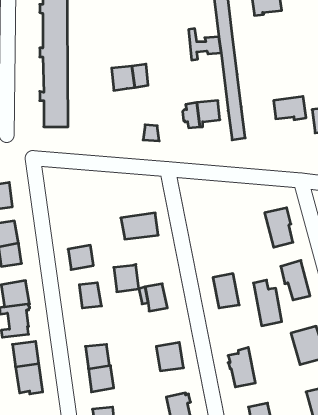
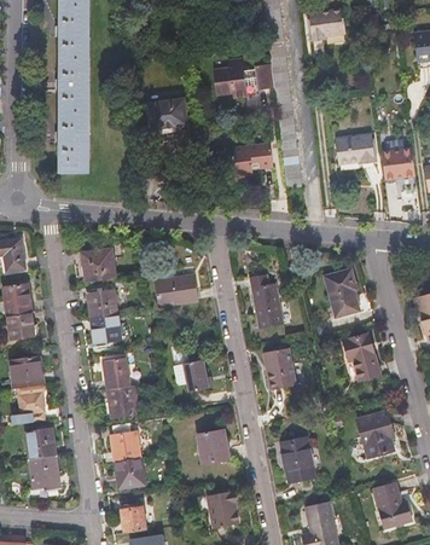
building: none -> [213,56,238,93]
building: none -> [81,248,116,282]
building: none -> [87,289,117,318]
building: [114,264,139,292] -> [108,384,138,417]
building: [253,280,282,326] -> [249,272,283,326]

